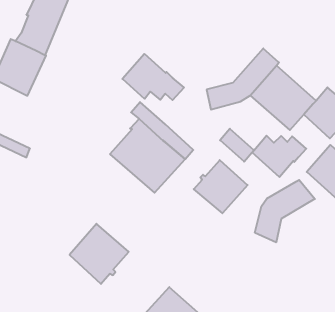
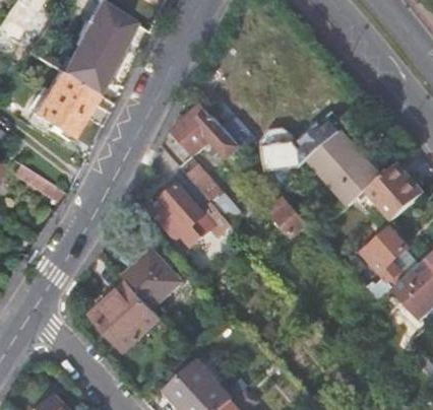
building: [252,136,306,177] -> none
building: [194,160,248,213] -> none
building: [255,180,315,242] -> none
building: none -> [122,249,181,308]

